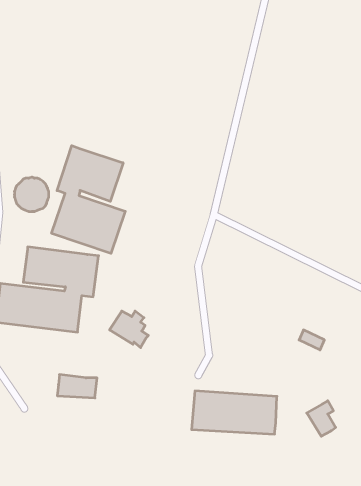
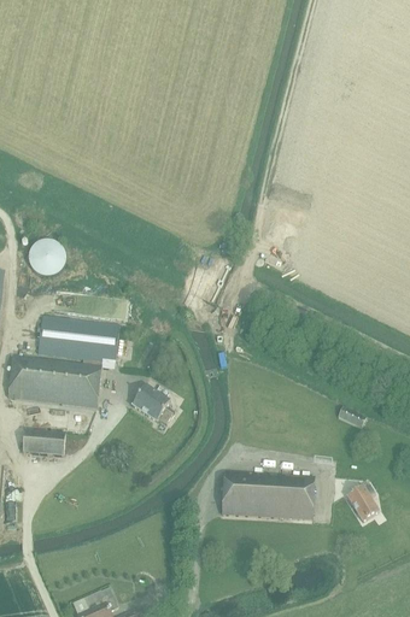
building: [52,146,125,253] -> none
building: [57,375,97,398] -> [22,429,65,454]

